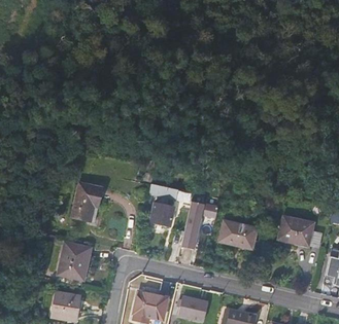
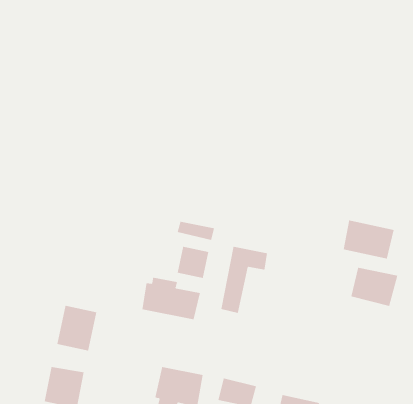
building: [71,184,101,222] -> none
building: [219,220,258,249] -> [343,220,395,259]
building: none -> [142,277,201,320]

